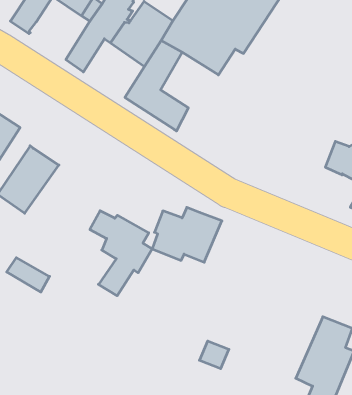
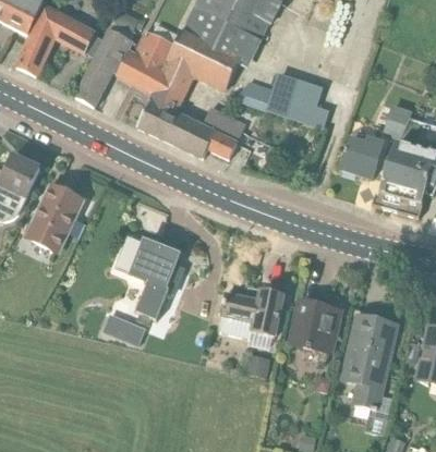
building: none -> [243,75,332,123]
building: none -> [192,107,246,158]
building: [152,207,222,262] -> [219,285,283,338]
building: [7,258,50,292] -> [102,314,145,344]
building: none -> [290,301,340,349]

